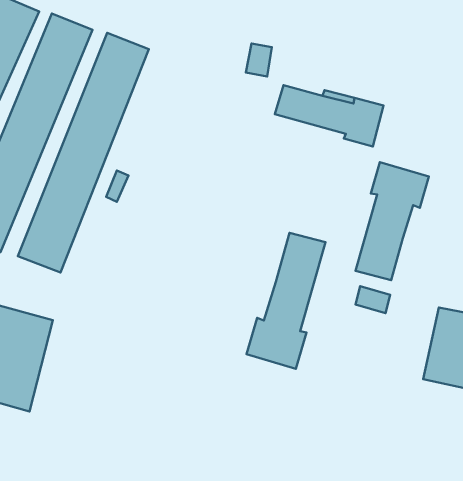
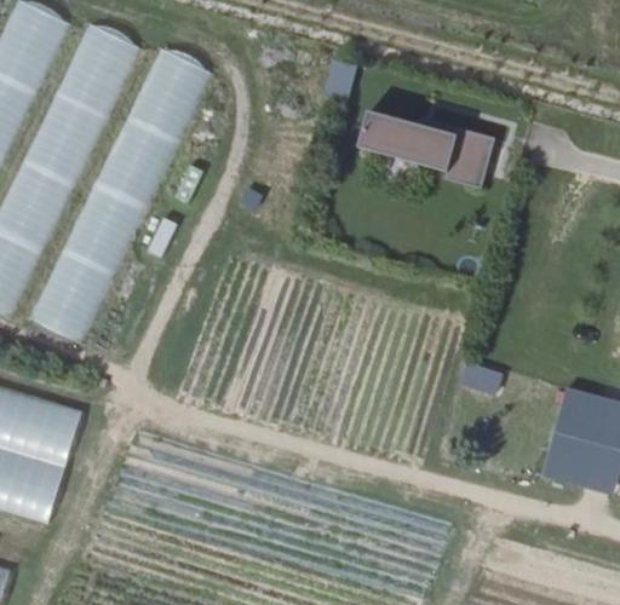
building: [356,162,429,280] -> none
building: [247,233,325,369] -> none

